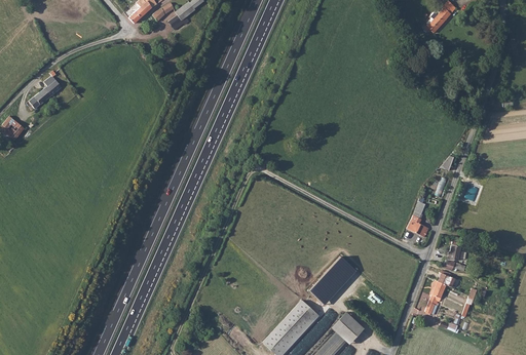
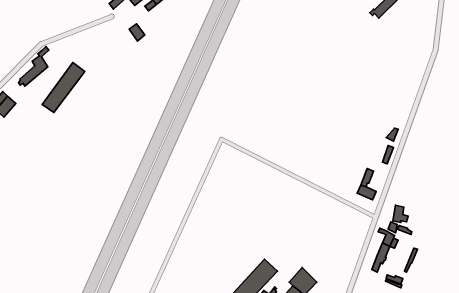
building: none -> [42,63,85,113]
building: [310,254,358,303] -> none

